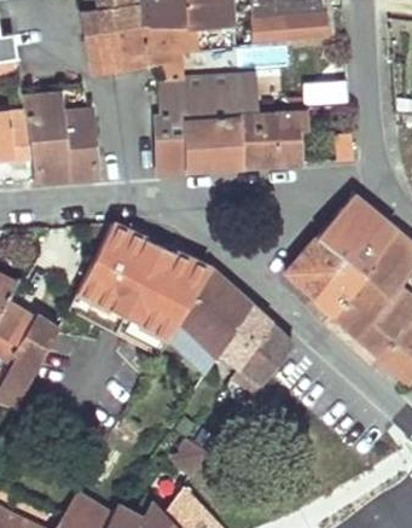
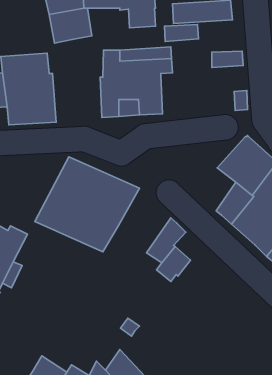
building: [139,23,196,80] -> none
building: [238,114,298,166] -> none
building: [286,238,340,296] -> none
building: [179,266,251,356] -> none

